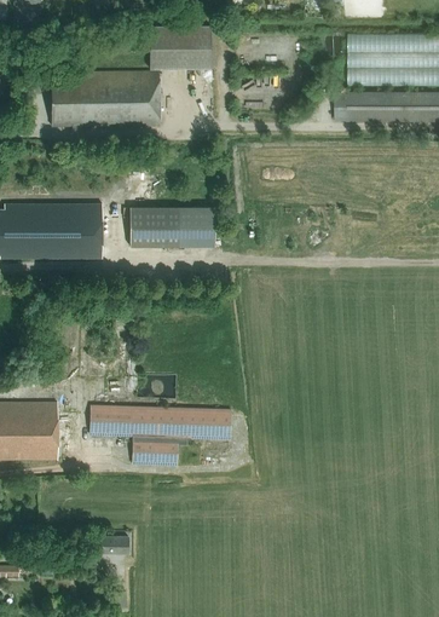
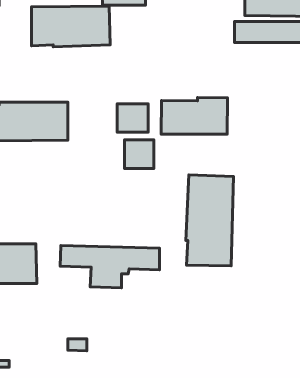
building: none -> [161,97,227,134]
building: [129,207,171,247] -> [125,140,154,168]
building: none -> [186,175,233,266]

